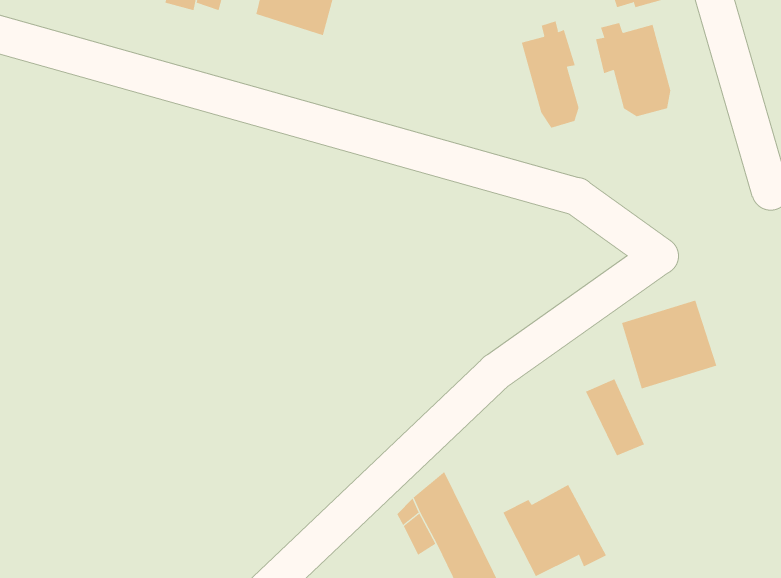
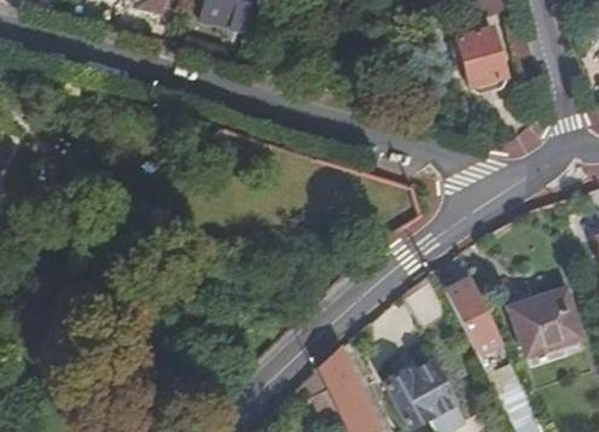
building: [521,21,579,128] -> none
building: [621,300,717,389] -> [508,291,578,356]

